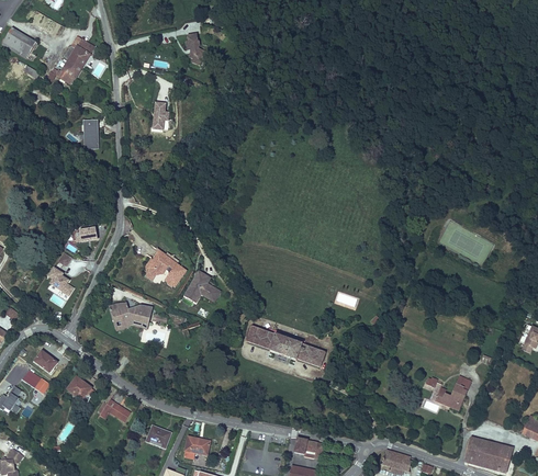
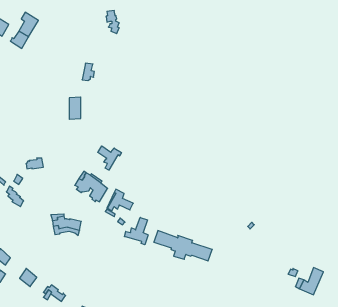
building: [85,122,100,151] -> [69,97,81,119]
building: none -> [98,146,121,170]
building: none -> [124,217,148,245]

